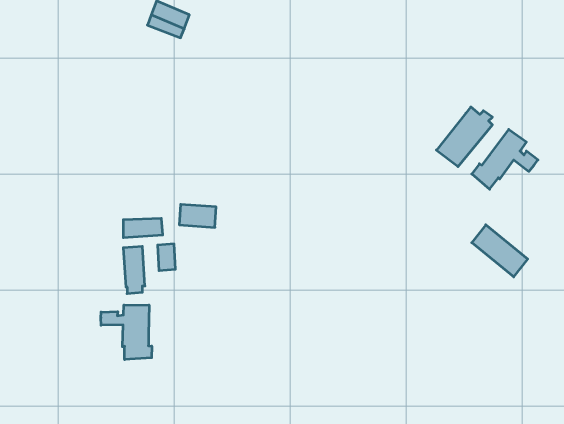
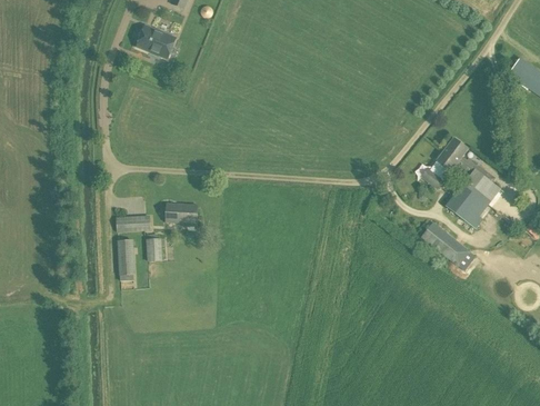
building: [436,107,492,167] -> [446,168,494,220]
building: [101,305,152,360] -> none

